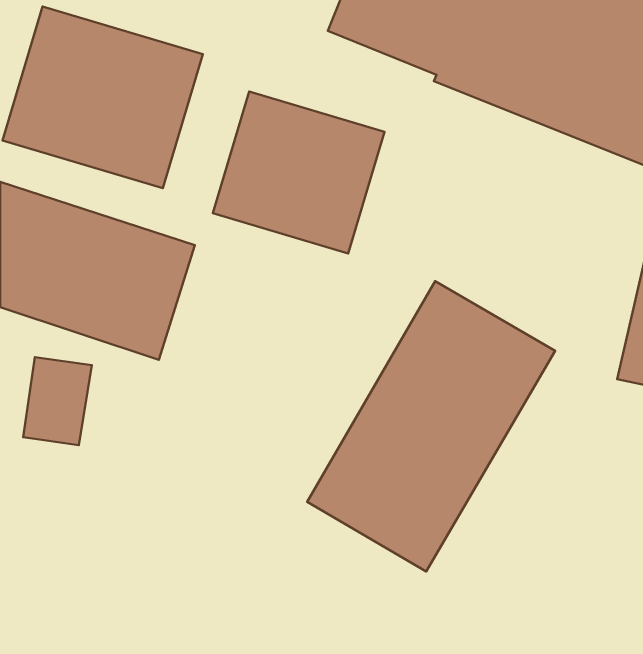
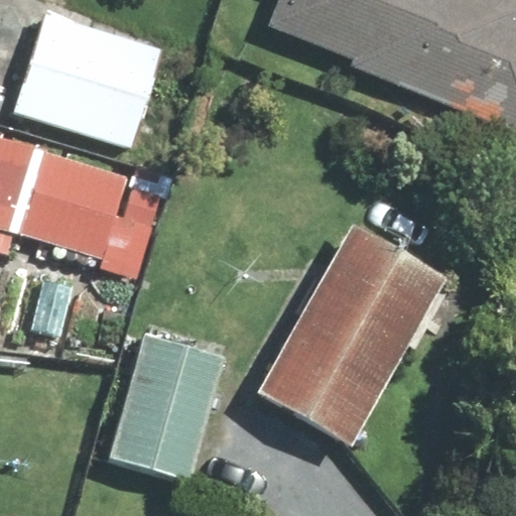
building: [213,92,384,253] -> none
building: none -> [108,338,231,490]

